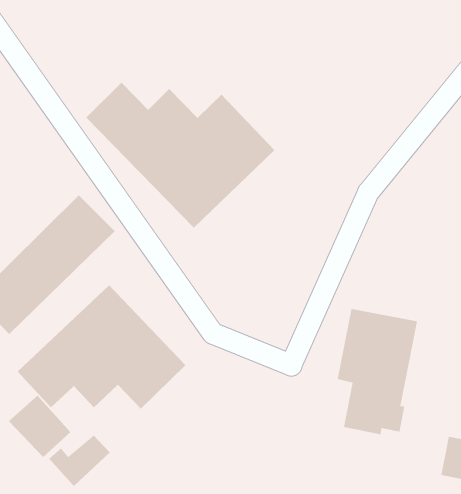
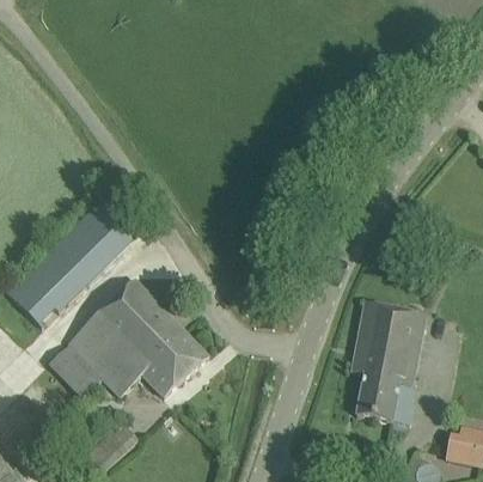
building: [86,82,275,228] -> none
building: [8,395,71,458] -> none

